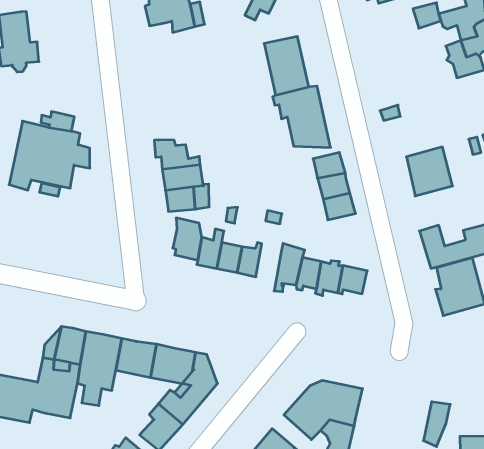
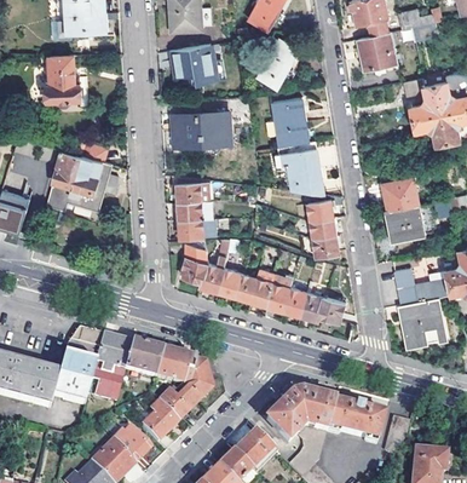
building: none -> [411,97,442,130]
building: none -> [174,111,231,144]
building: none -> [382,174,419,206]
building: none -> [250,266,276,311]
building: none -> [325,401,384,441]

